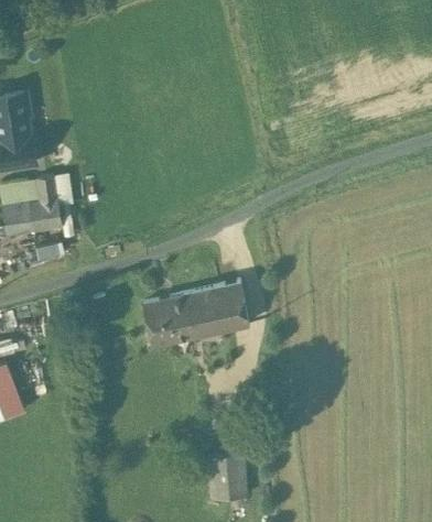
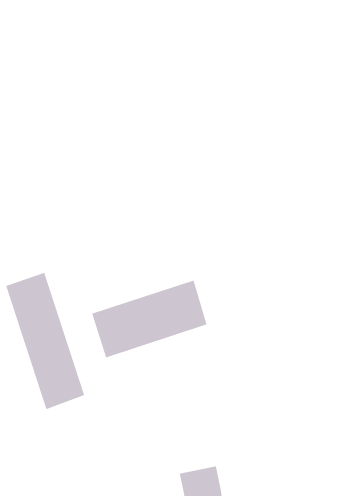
building: none -> [5,272,85,410]

